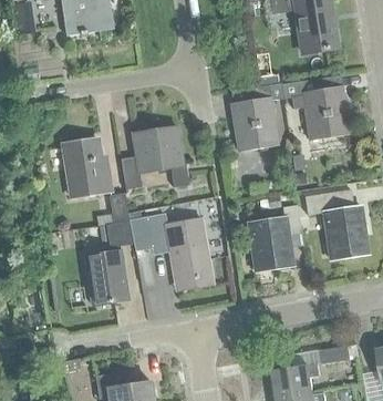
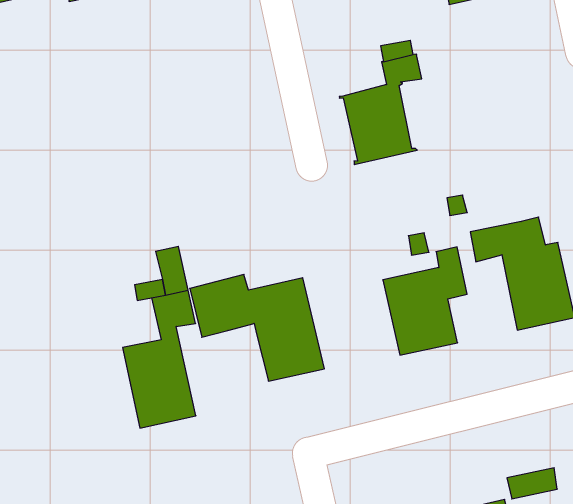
building: [280,78,349,136] -> none
building: [123,126,188,189] -> none
building: [63,140,110,196] -> none

